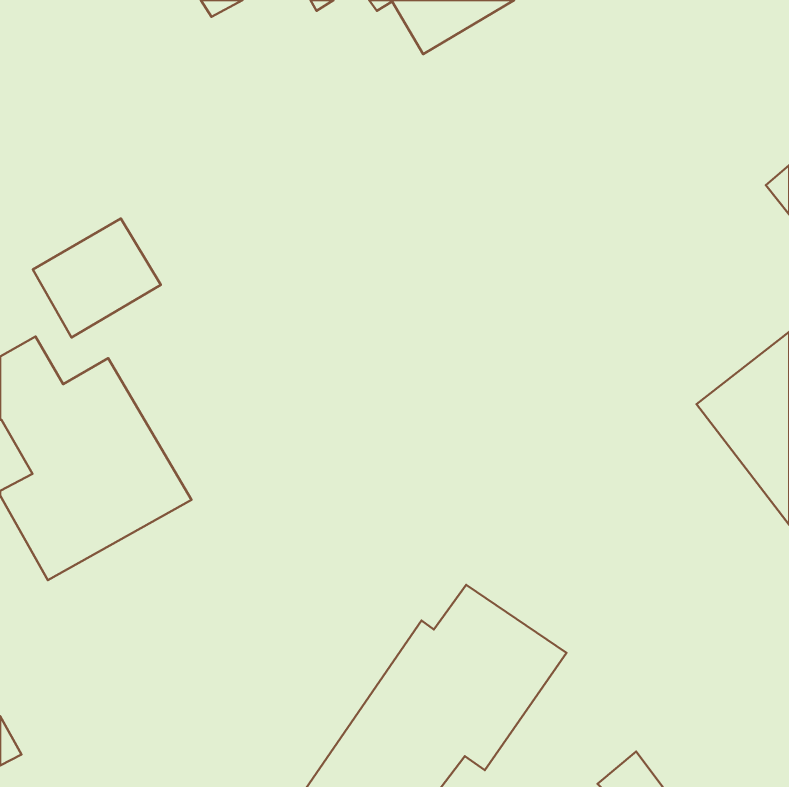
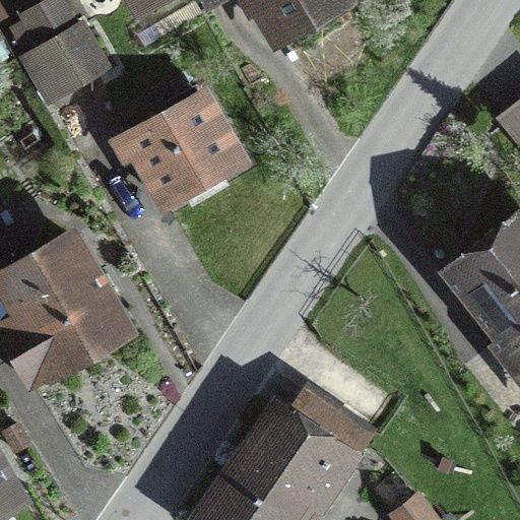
building: none -> [117,95,239,200]
building: [33,219,161,337] -> [23,23,108,102]

